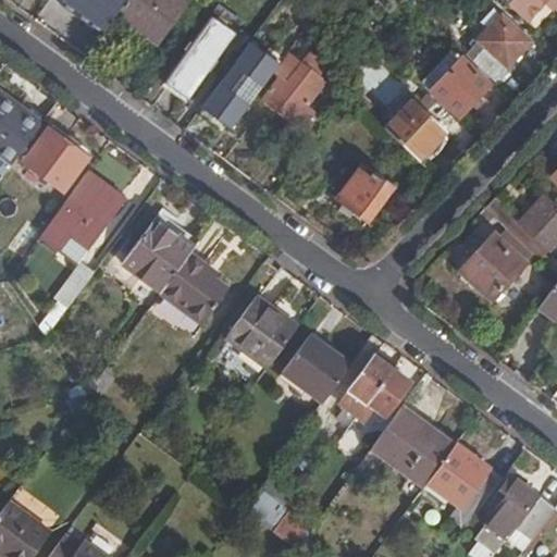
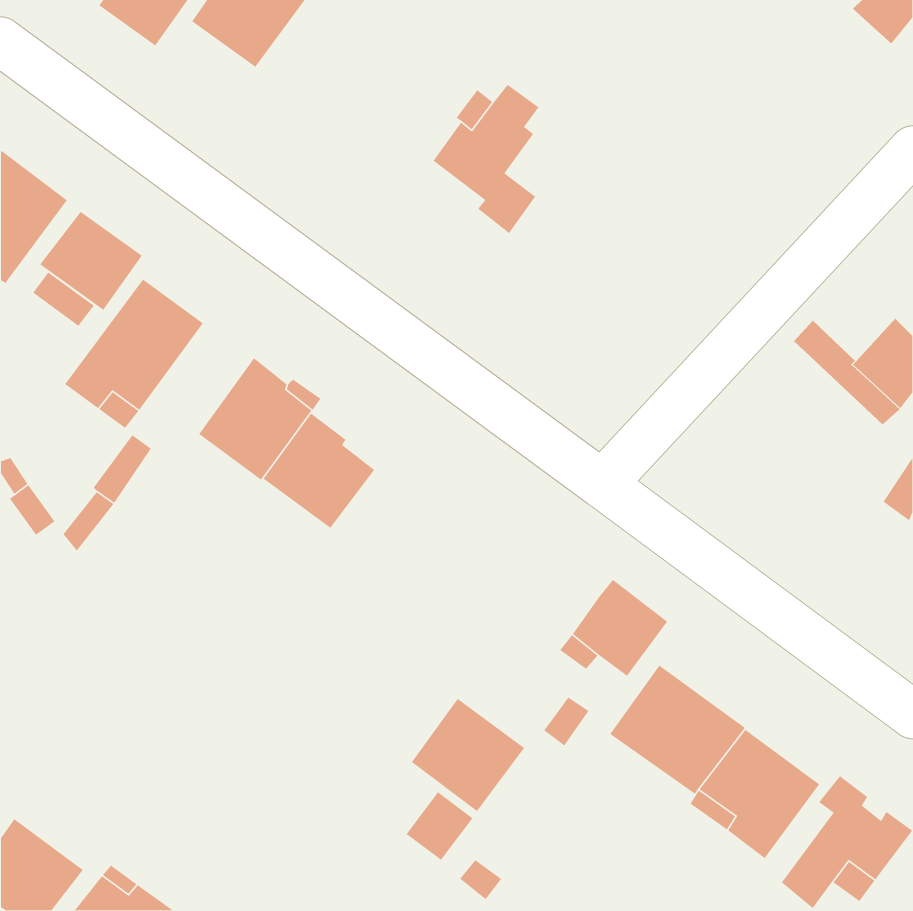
building: [467,13,532,79] -> none
building: [165,15,235,97] -> none
building: [200,45,277,133] -> none
building: [422,50,490,116] -> none
building: [385,98,447,159] -> none
building: [336,168,393,220] -> none
building: [457,232,527,300] -> none
building: [226,294,297,367] -> none
building: [282,332,351,401] -> [411,698,525,812]

